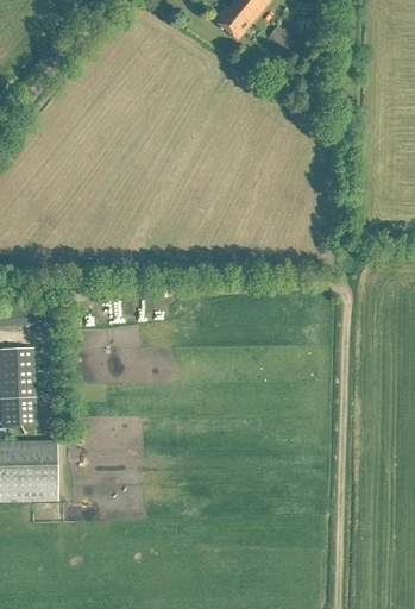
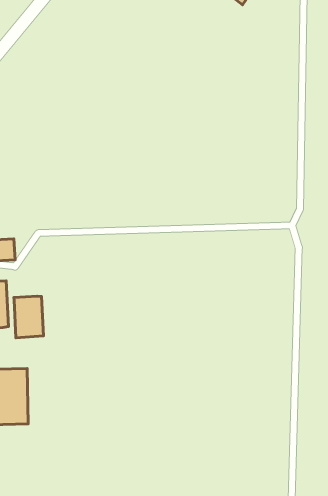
building: none -> [14,296,43,338]

